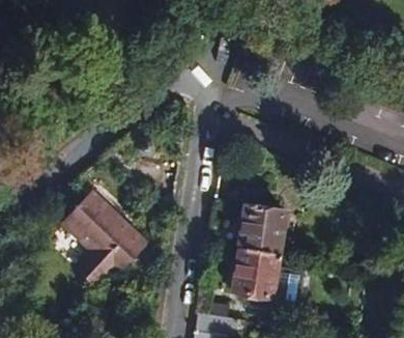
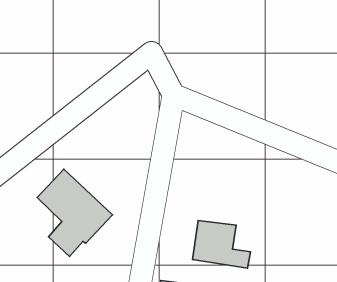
building: [208,207,289,254] -> none

